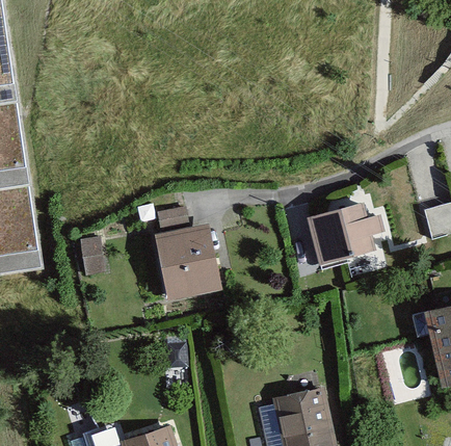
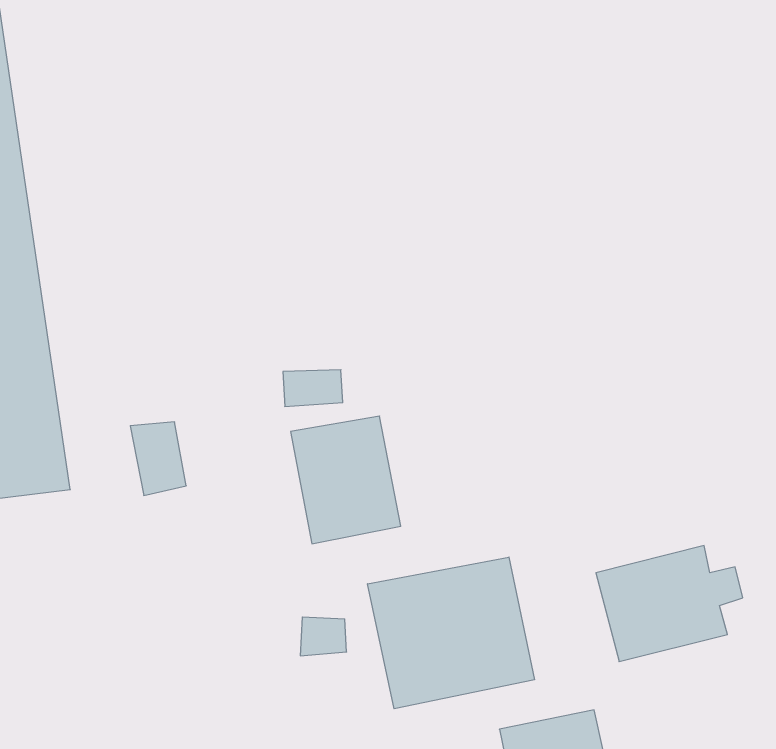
building: [306,205,384,267] -> [596,546,743,662]
building: none -> [368,557,534,709]

